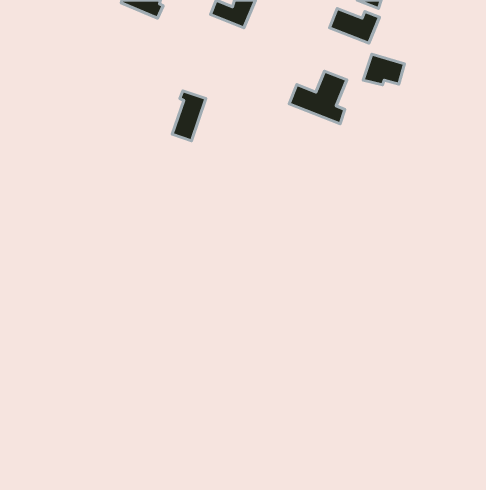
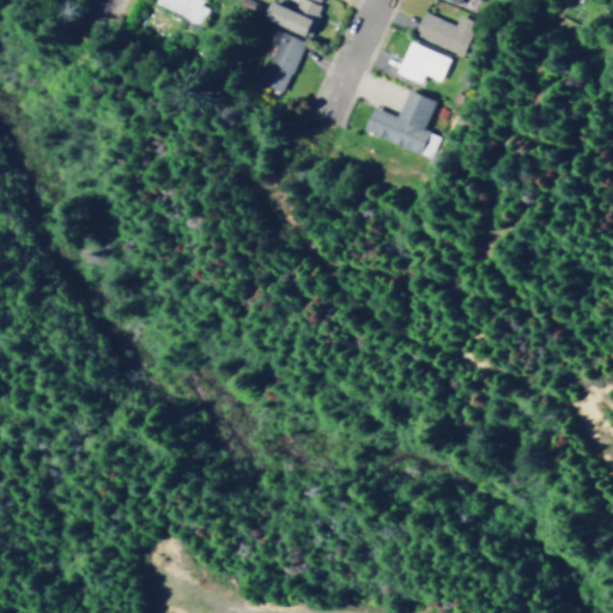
building: [363,54,404,85] -> [400,43,451,81]
building: [172,91,206,141] -> [262,30,304,92]

